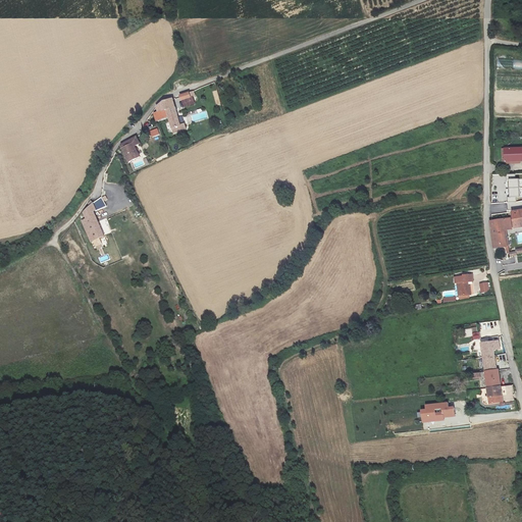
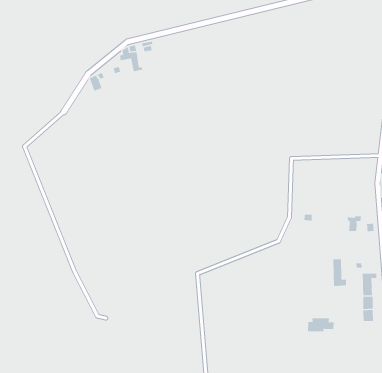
building: [82,201,105,243] -> none
building: none -> [332,258,347,287]

